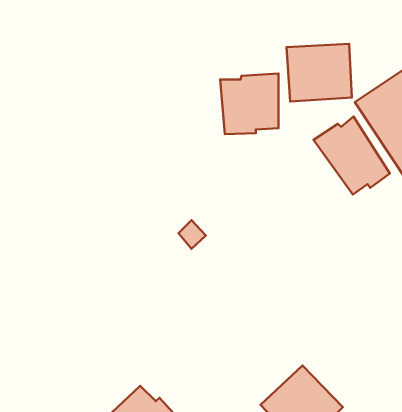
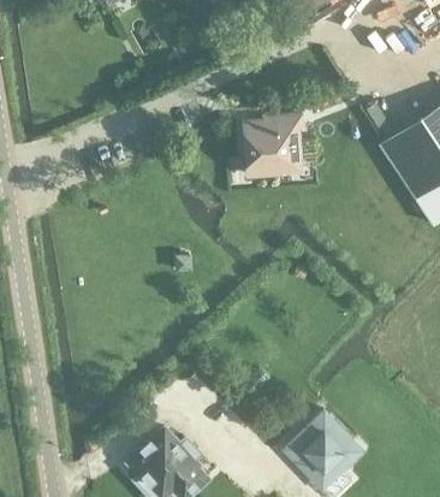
building: [287,44,352,101] -> none
building: [314,117,390,194] -> none

